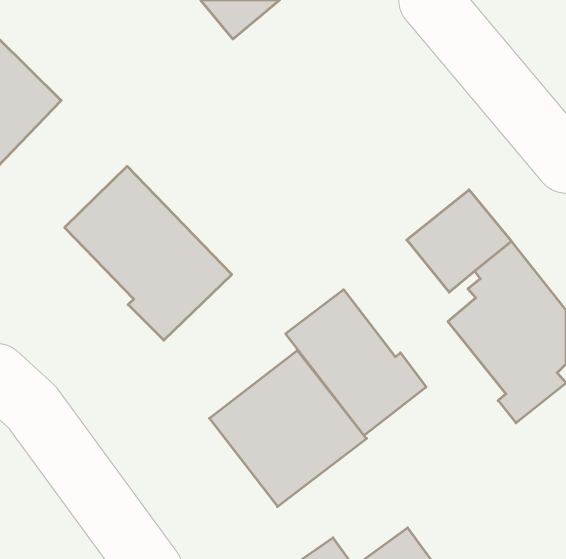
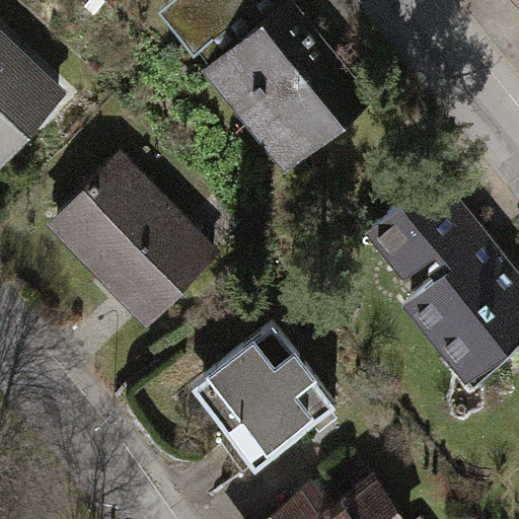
building: none -> [208,17,365,166]
building: [286,290,426,435] -> none

